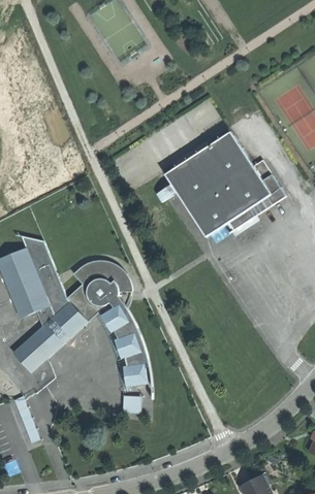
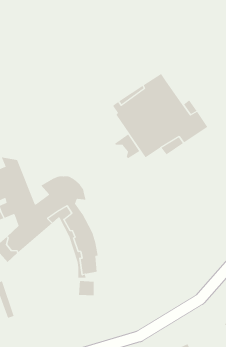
building: none -> [114,134,140,159]

